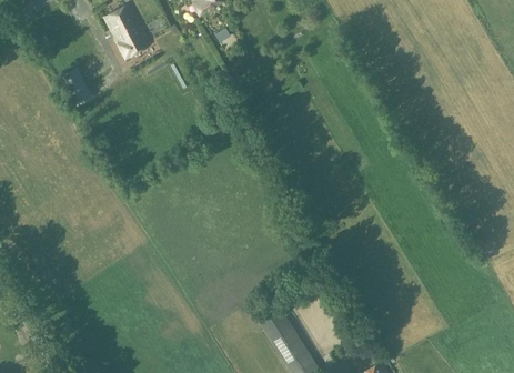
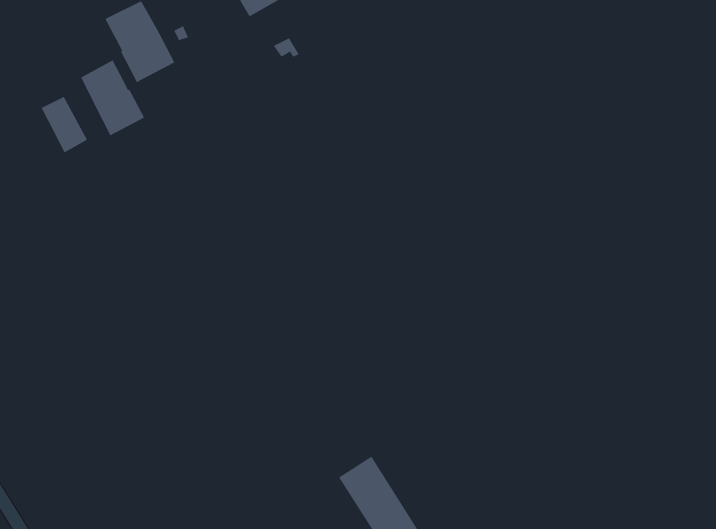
building: none -> [81,60,145,136]

